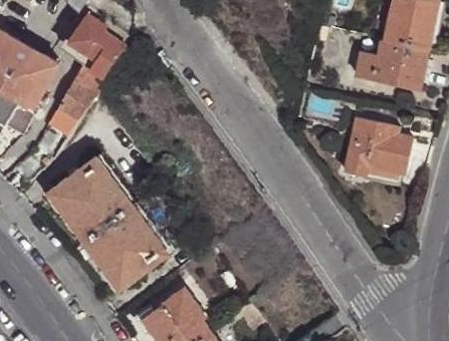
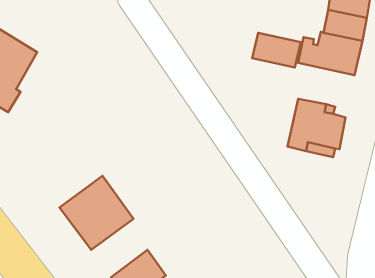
building: [49,16,126,135] -> none
building: none -> [252,33,301,67]
building: [48,155,133,240] -> none

